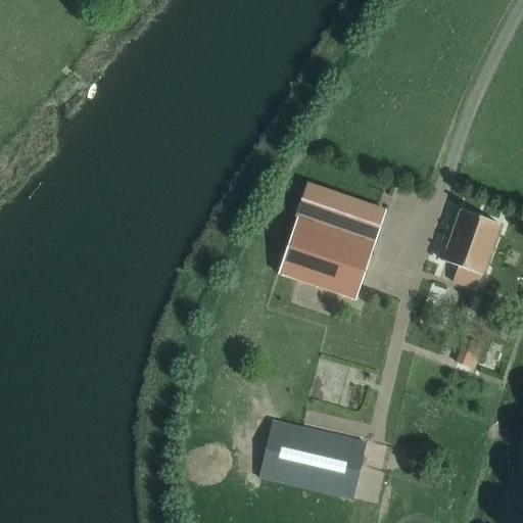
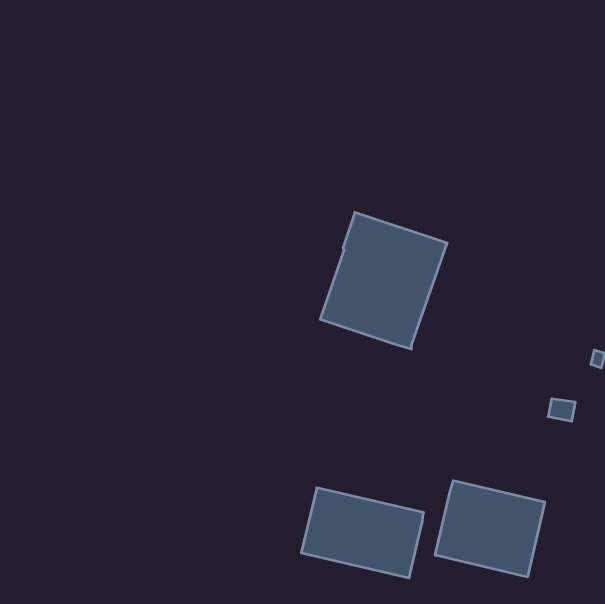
building: [443,208,498,288] -> none
building: none -> [435,481,545,577]

